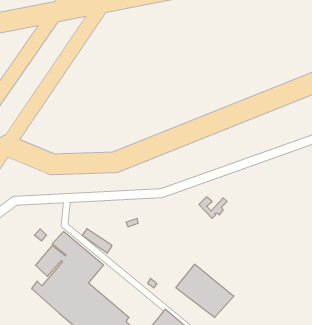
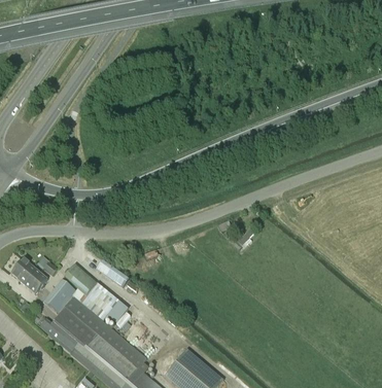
building: none -> [11,257,47,292]
building: [176,264,234,318] -> none

